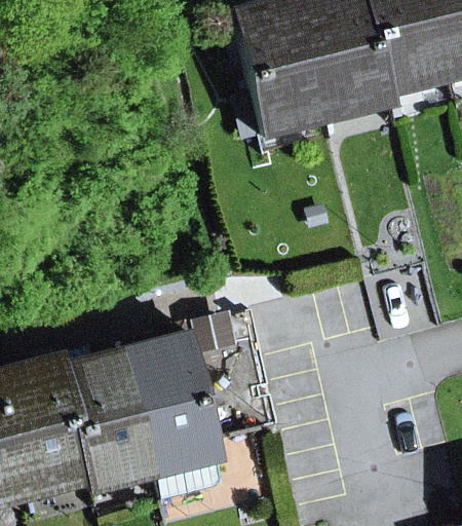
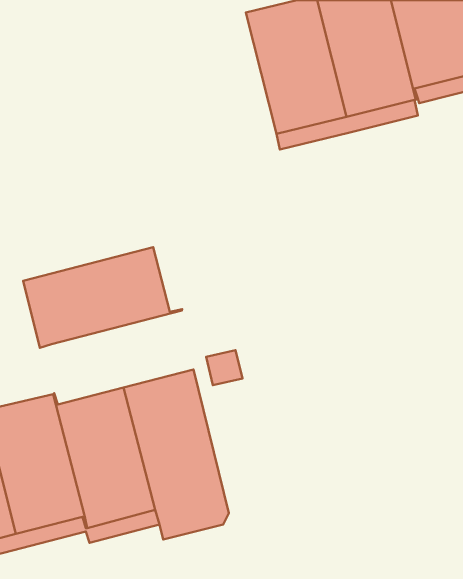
building: none -> [23,247,182,348]

